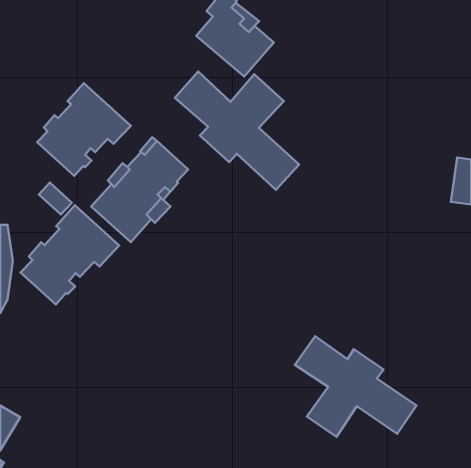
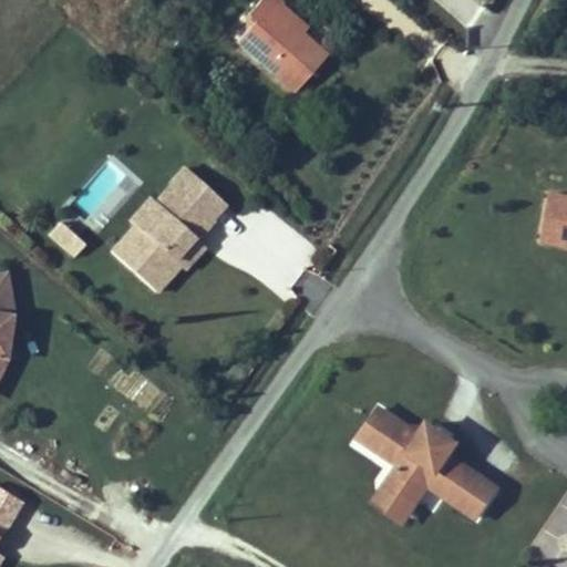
building: [175,71,299,190] -> none
building: [37,83,131,176] -> none
building: [21,205,119,304] -> none

